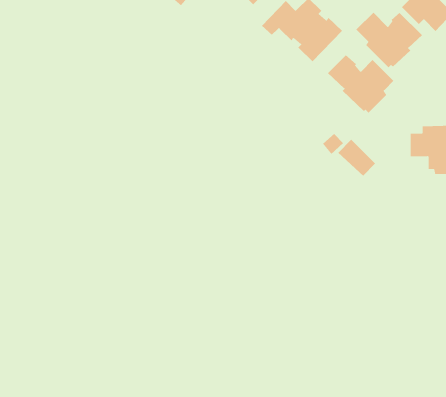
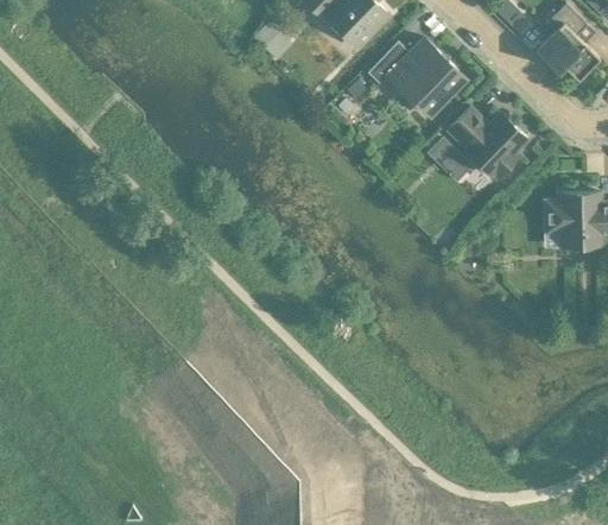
building: [356,12,423,68] -> none
building: [337,139,376,176] -> [426,135,473,181]

